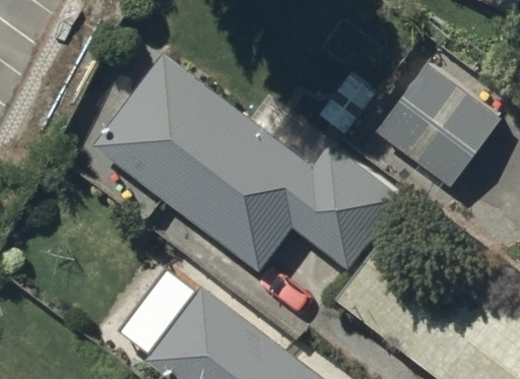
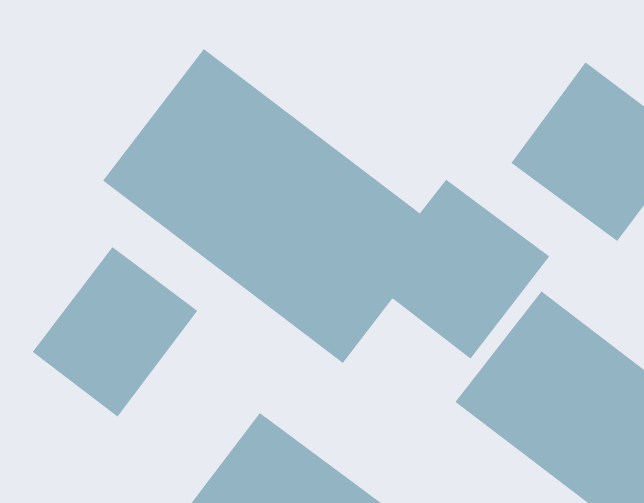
building: none -> [32,246,198,418]

